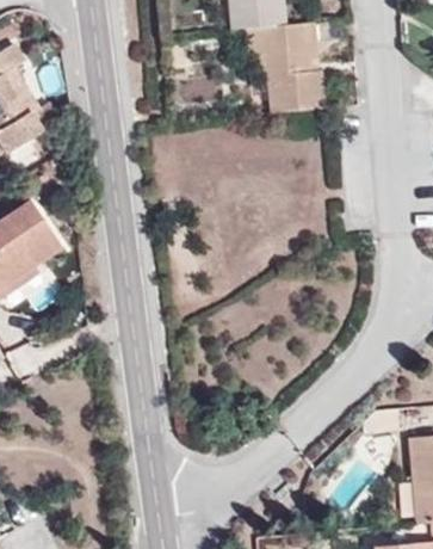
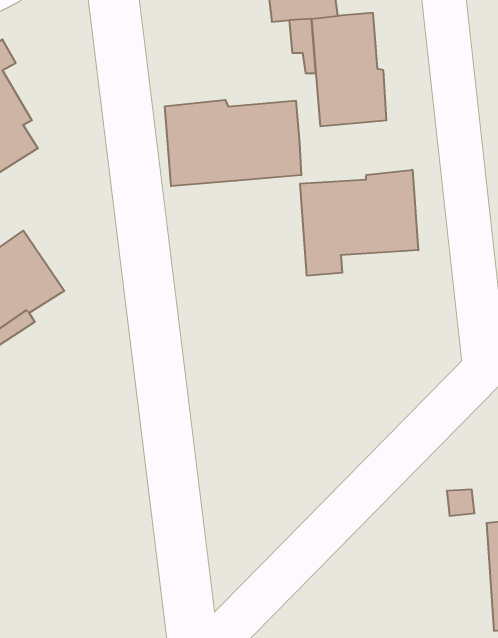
building: none -> [165,100,301,186]
building: none -> [300,170,418,276]

